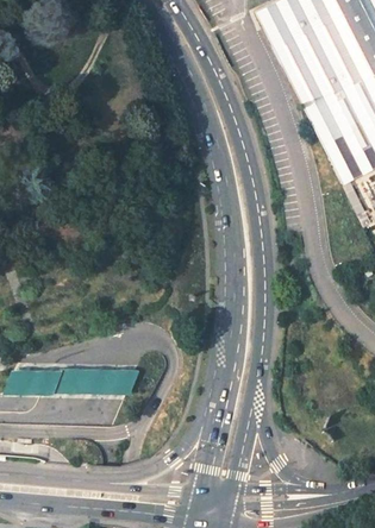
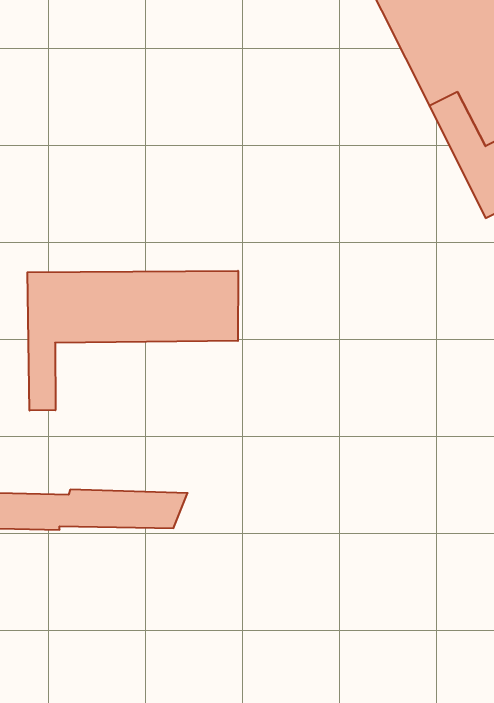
building: none -> [27,271,238,411]

